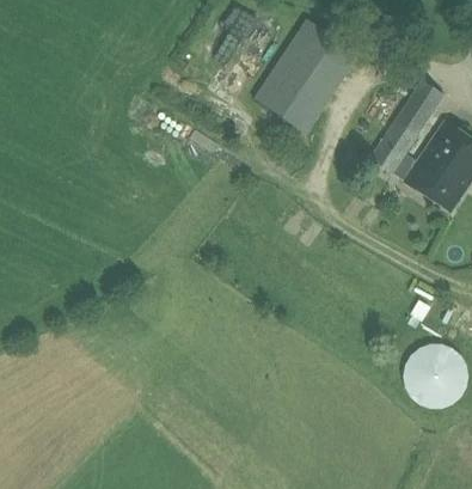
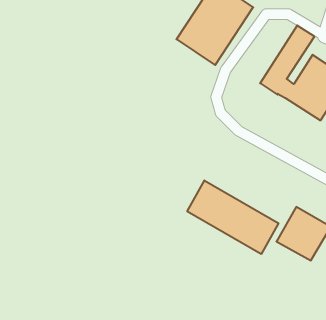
building: none -> [187,180,278,254]

